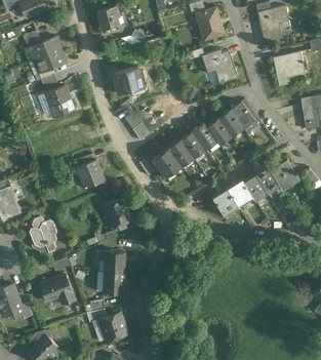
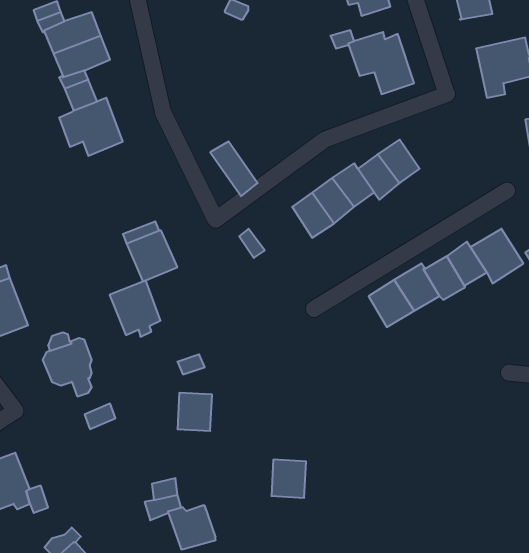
building: [114,67,144,94] -> none
building: [230,101,258,132] -> none
building: [152,147,180,175] -> none
building: [103,198,131,230] -> [110,280,161,337]
building: [104,272,123,293] -> [271,460,306,498]
building: [40,275,75,304] -> none

